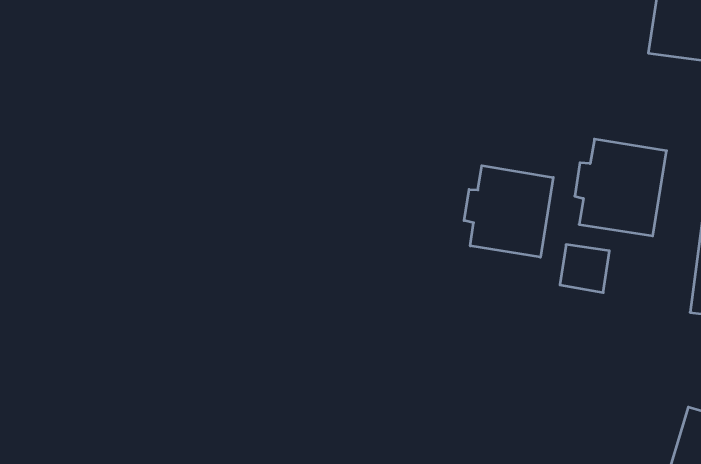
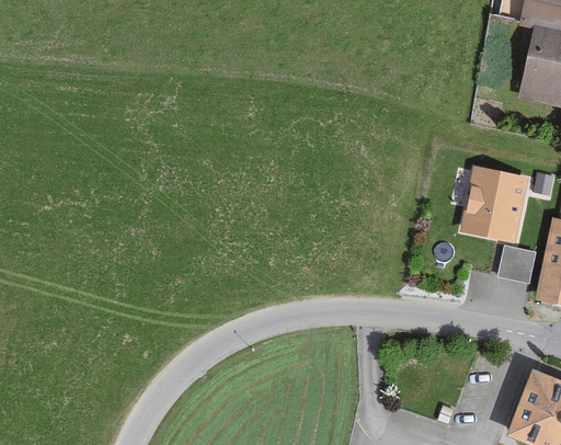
building: [464,166,553,257] -> none
building: [560,245,609,293] -> [501,246,540,284]

